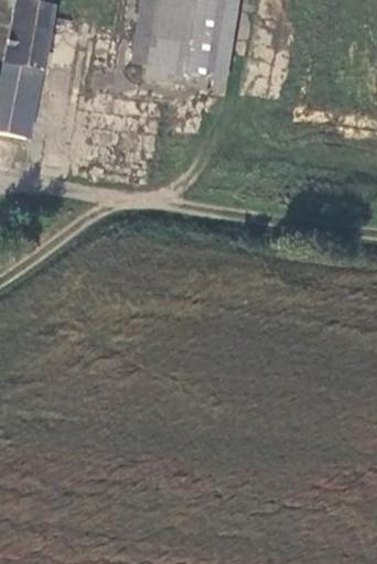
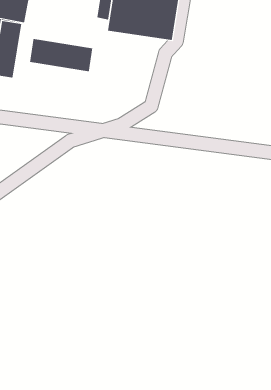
building: none -> [29,38,93,72]

